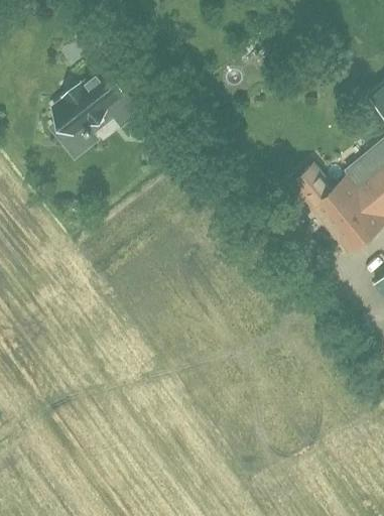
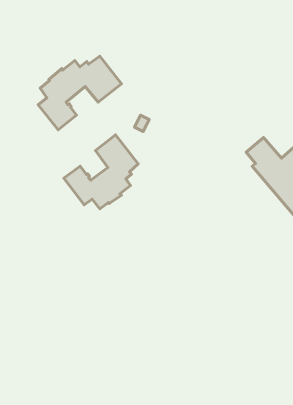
building: none -> [64,135,138,209]

